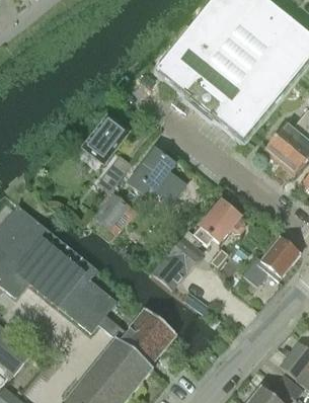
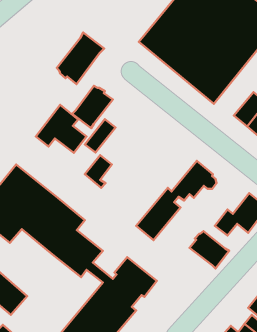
building: none -> [57,33,104,84]
building: [128,149,184,203] -> [36,105,86,153]
building: none -> [190,231,229,268]

